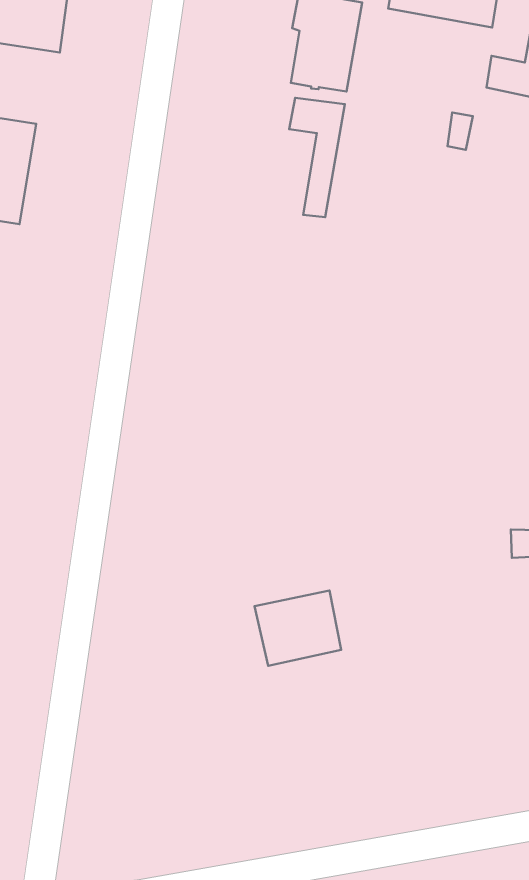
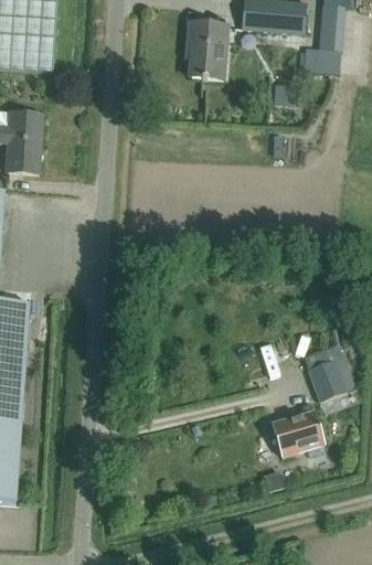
building: [289,98,345,217] -> none
building: none -> [307,360,346,402]
building: [255,590,341,666] -> [270,409,323,457]

